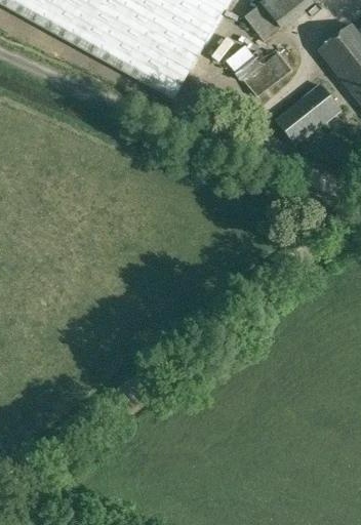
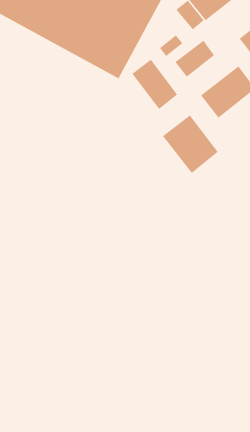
building: none -> [132,59,178,110]
building: none -> [162,114,219,174]

